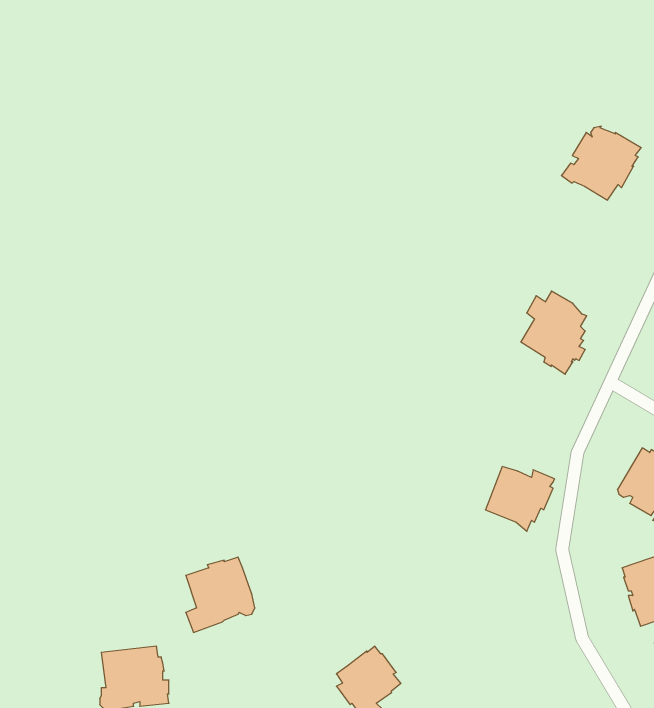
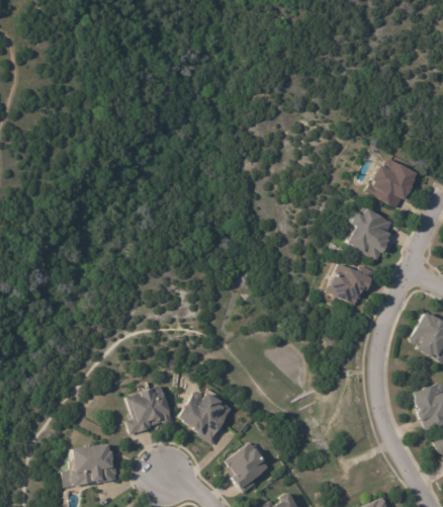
building: [561,126,641,200] -> [365,159,418,207]
building: [485,467,555,531] -> [329,263,374,306]
building: none -> [179,391,232,445]

